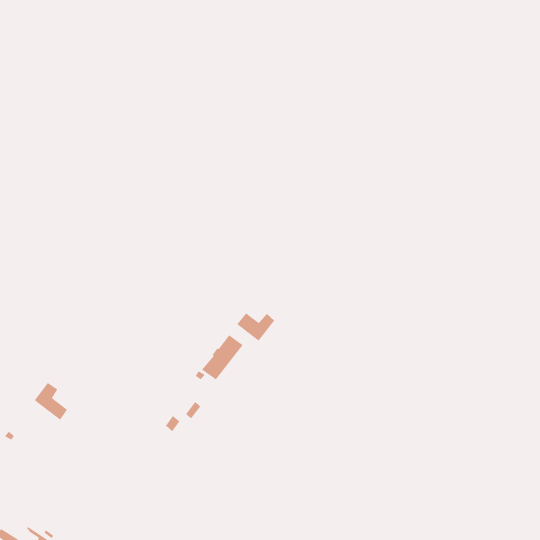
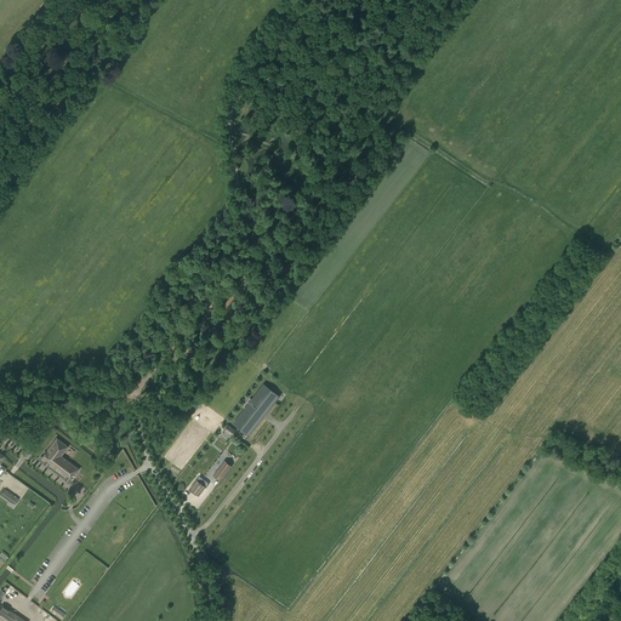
building: [237,313,275,342] -> none

